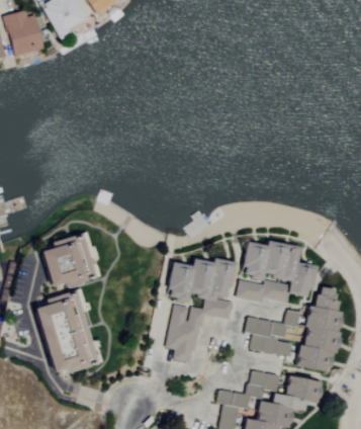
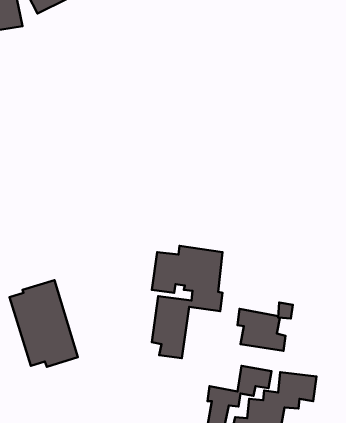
building: [38,231,95,285] -> none
building: [237,241,315,302] -> none
building: [297,287,341,371] -> none

